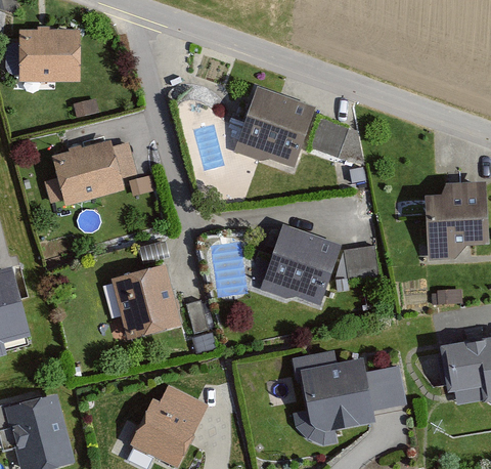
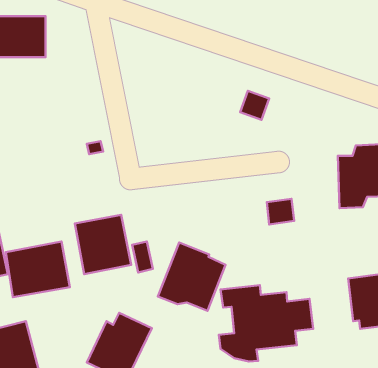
building: [233,87,314,169] -> none
building: [43,139,132,205] -> none
building: [259,223,340,305] -> [158,242,226,311]
building: none -> [6,242,70,297]

